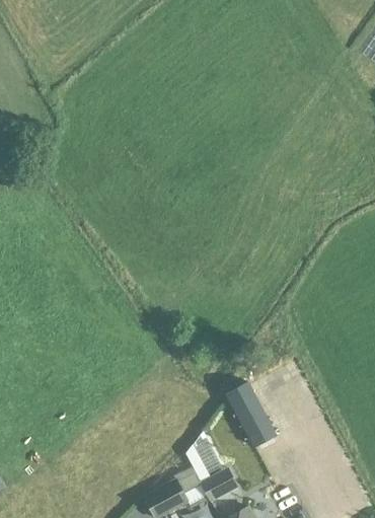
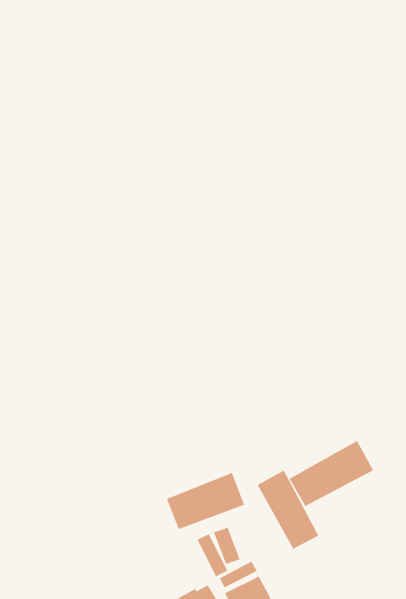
building: none -> [289,440,374,507]
building: none -> [166,472,245,530]

